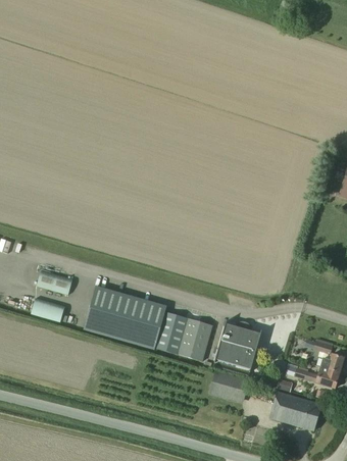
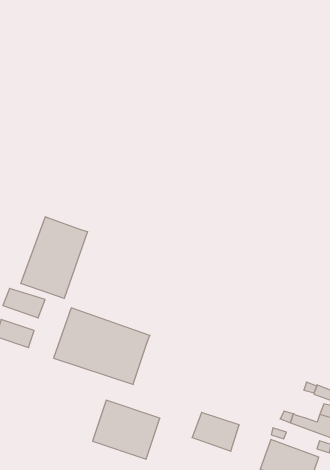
building: none -> [21,217,87,298]
building: [154,311,212,361] -> [93,400,160,459]
building: [214,319,262,371] -> none

